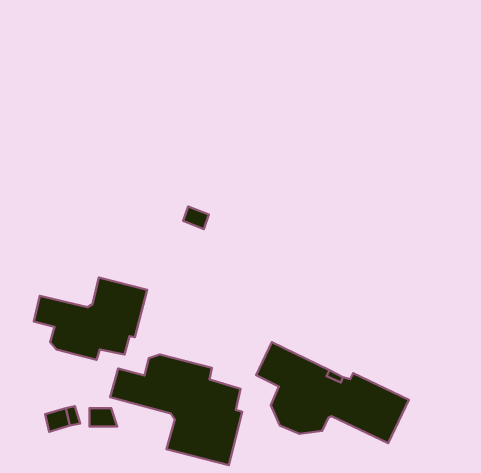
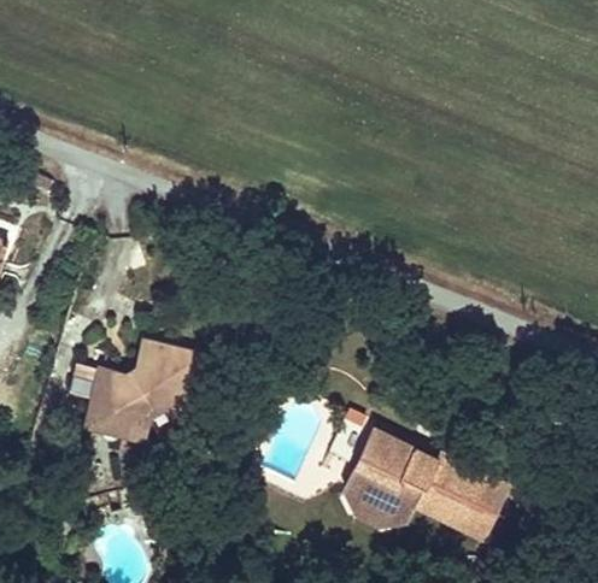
building: [110,355,242,465] -> none

